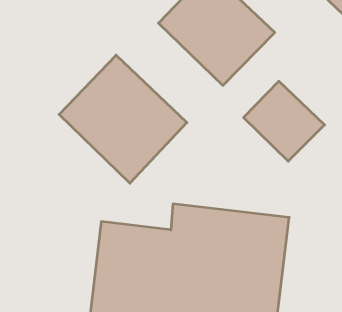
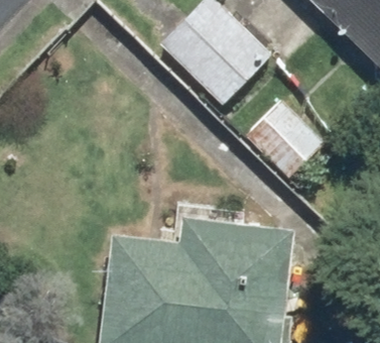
building: [59,55,187,183] -> none

